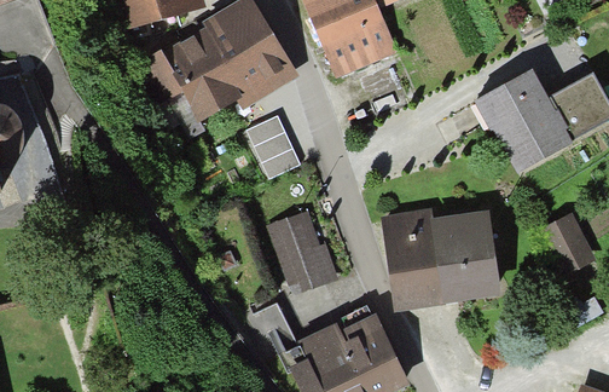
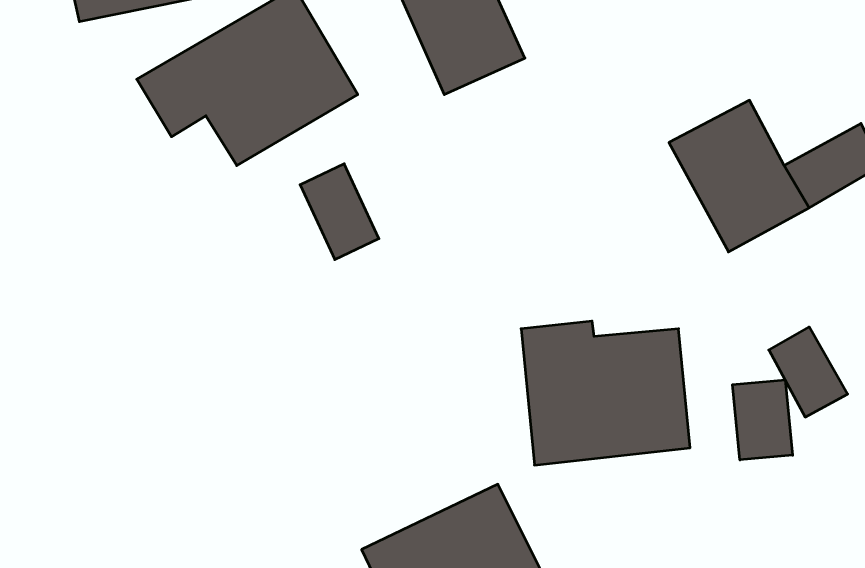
building: [272,209,331,288] -> none
building: none -> [733,380,793,460]
building: [255,301,297,351] -> none

